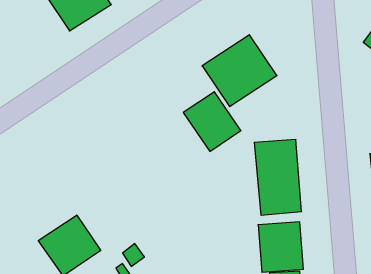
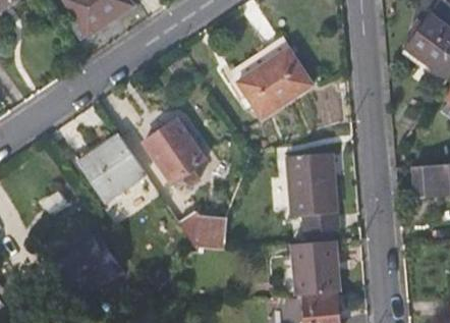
building: [183,92,241,151] -> [143,119,205,183]
building: none -> [77,136,146,202]
building: none -> [177,212,230,253]

